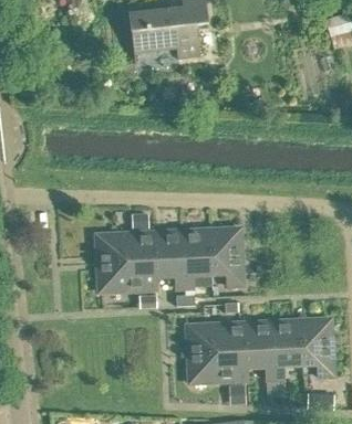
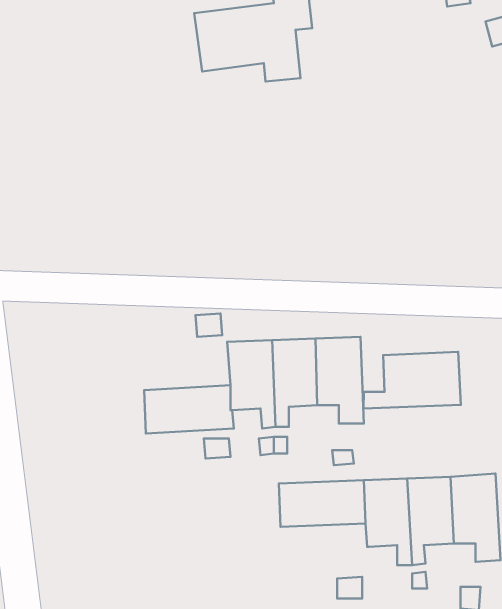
building: [96,232,155,264] -> none
building: none -> [363,352,461,408]
building: [188,352,247,383] -> none

